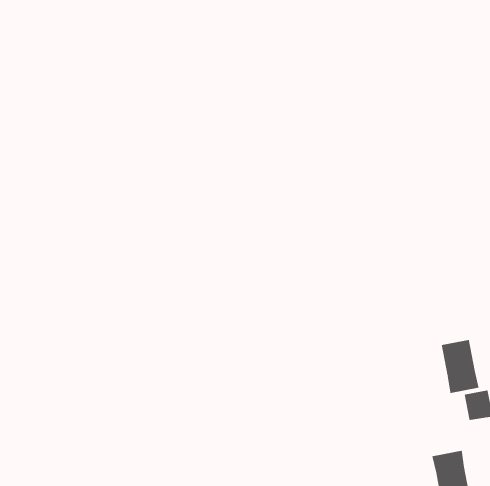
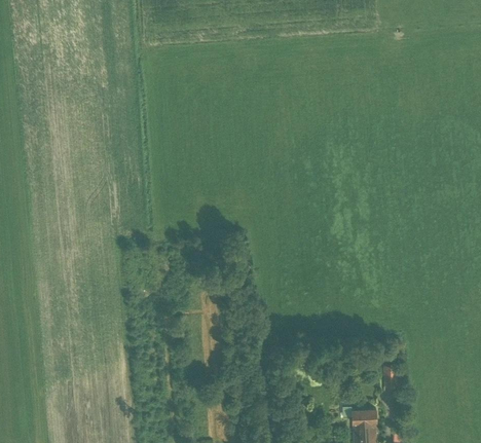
building: [441,339,479,394] -> none

